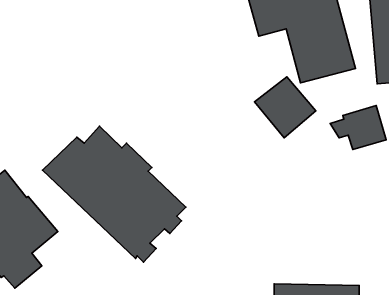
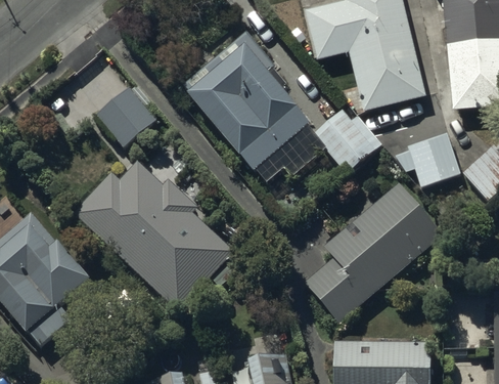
building: none -> [186,47,307,169]
building: none -> [95,85,155,146]
building: none -> [304,181,443,322]

